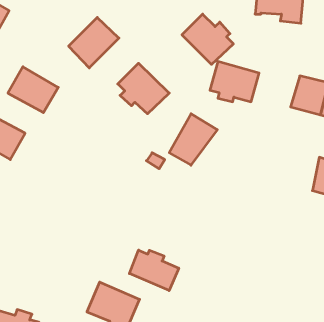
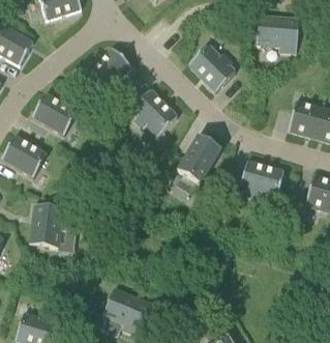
building: [210,62,259,102] -> [240,161,284,197]
building: none -> [30,202,68,247]
building: [129,250,179,291] -> none

